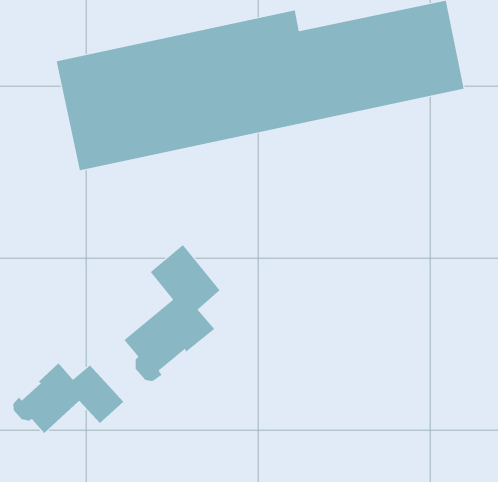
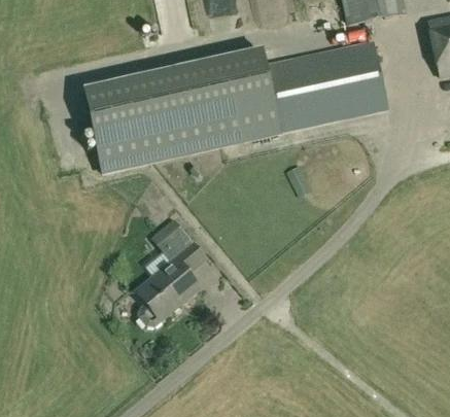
building: [13,362,124,434] -> none

